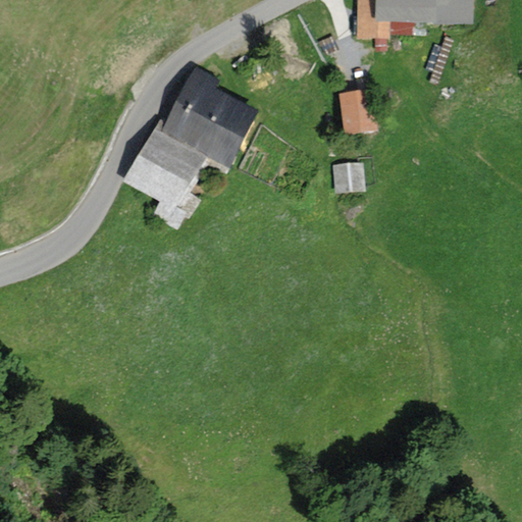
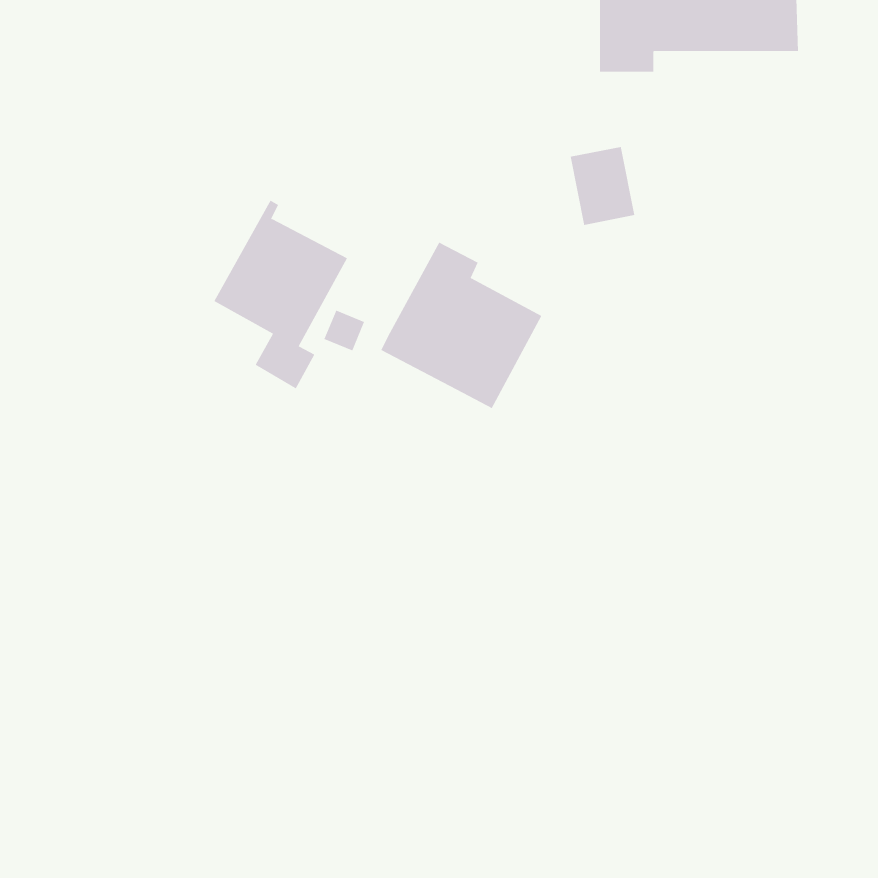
building: [161,65,257,164] -> [380,242,542,409]
building: [332,162,365,192] -> none

